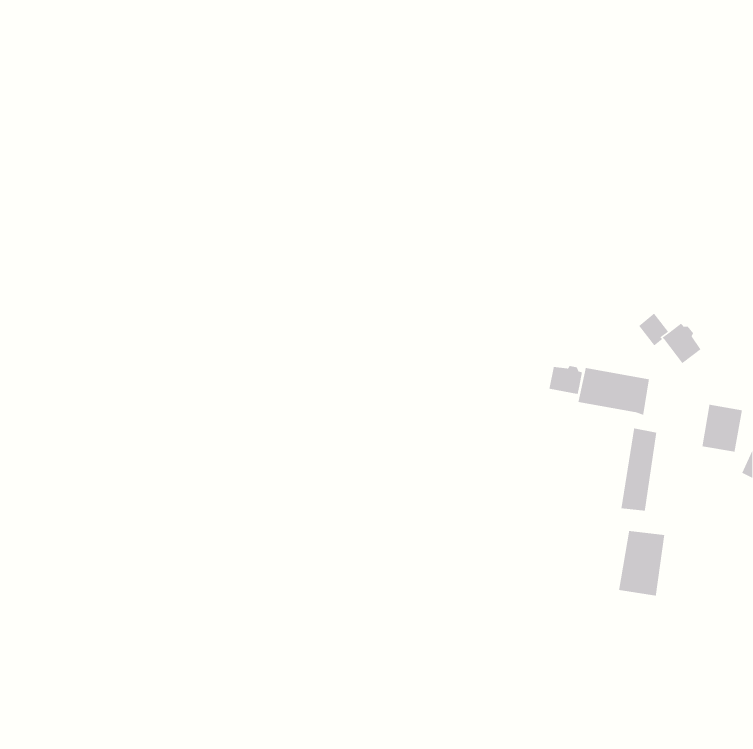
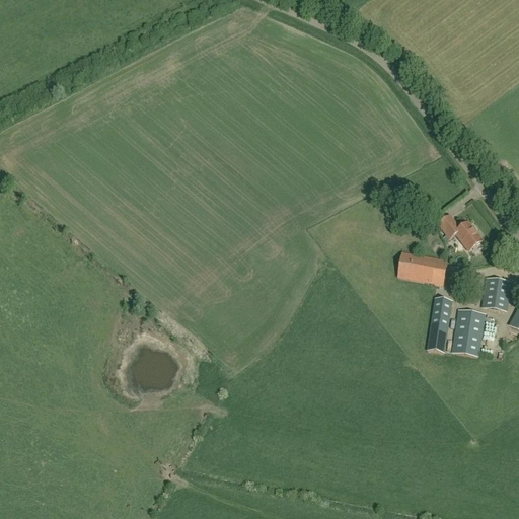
building: [548,365,583,395] -> none
building: [618,530,665,596] -> [452,310,485,356]

